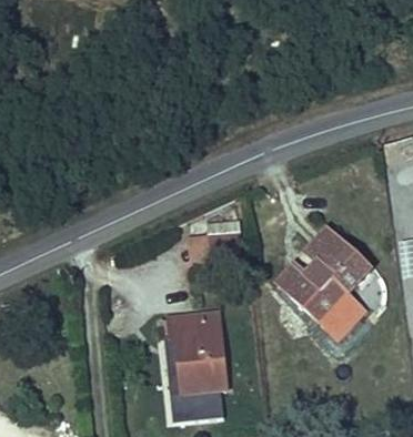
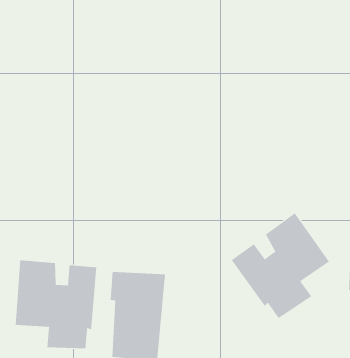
building: none -> [15,259,97,349]

